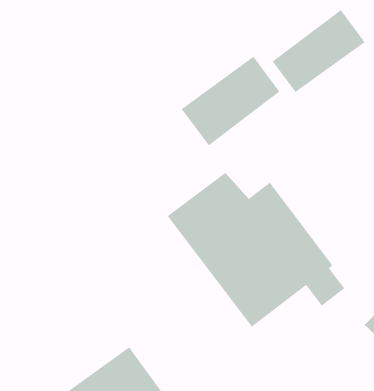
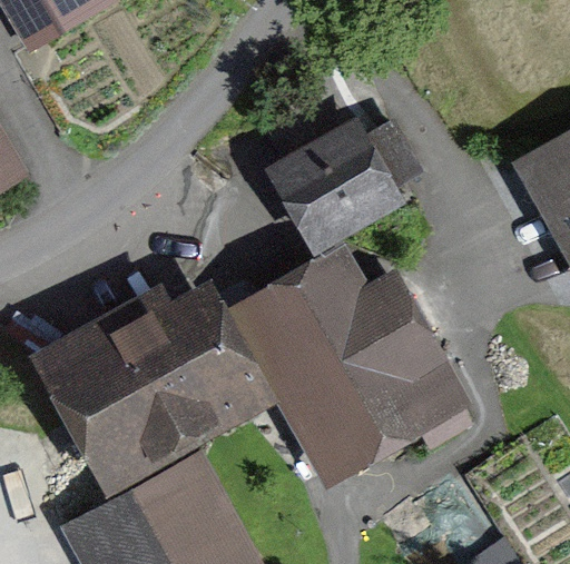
building: [272,9,366,93] -> none
building: none -> [48,310,245,464]

